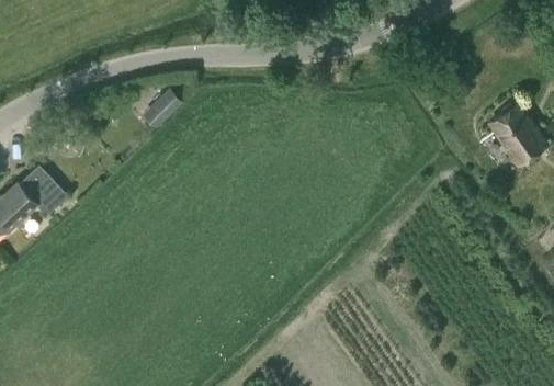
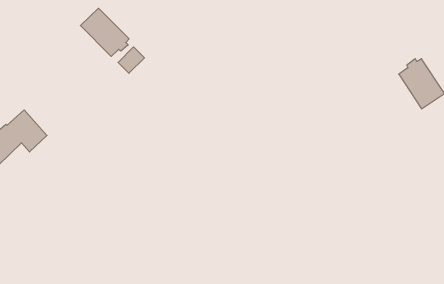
building: none -> [80,8,129,56]

